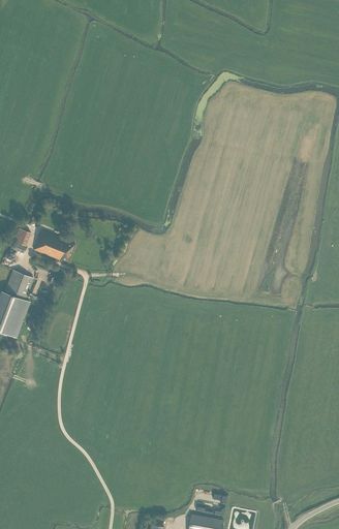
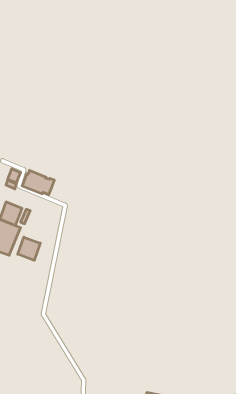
building: none -> [18,237,40,260]

